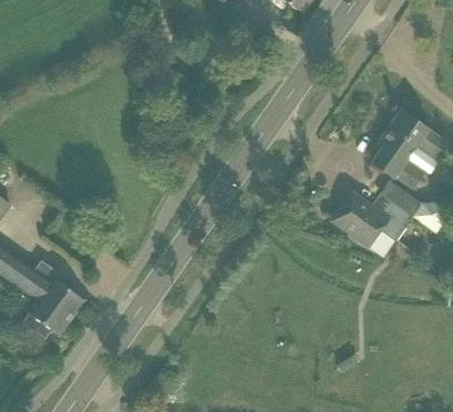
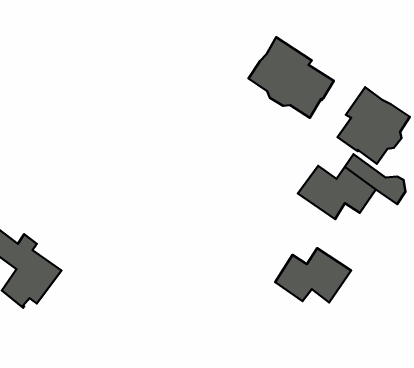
building: none -> [248,37,334,118]
building: none -> [275,248,351,302]

